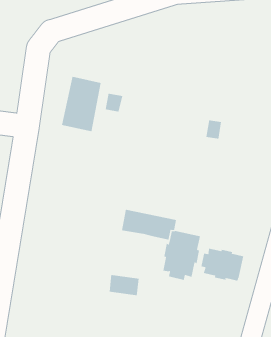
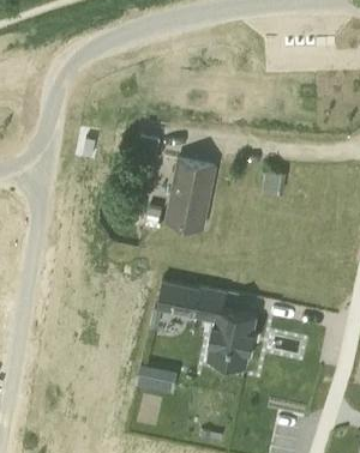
building: [61,76,102,132] -> [164,162,215,231]
building: [201,248,244,281] -> none

